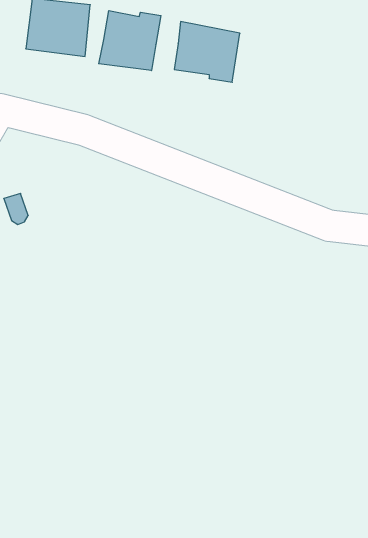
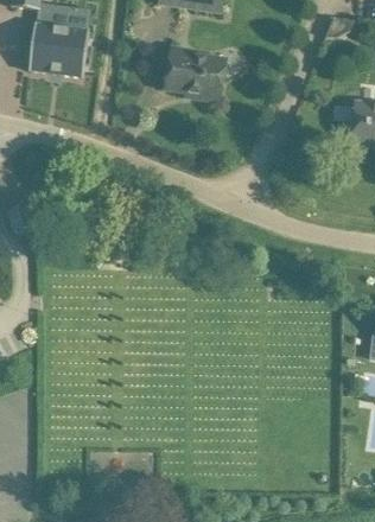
building: [99,11,161,71] -> none

